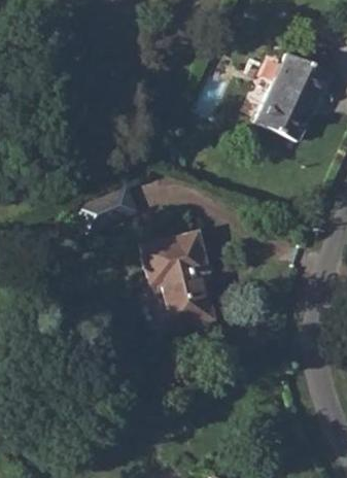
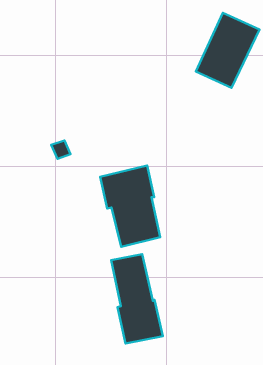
building: none -> [111,254,163,344]

